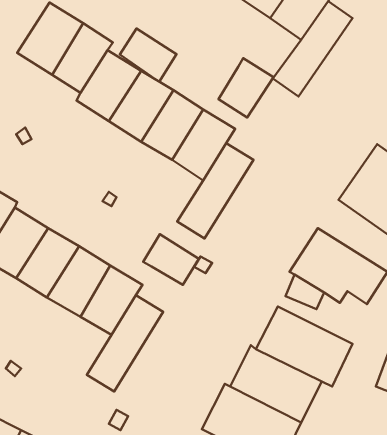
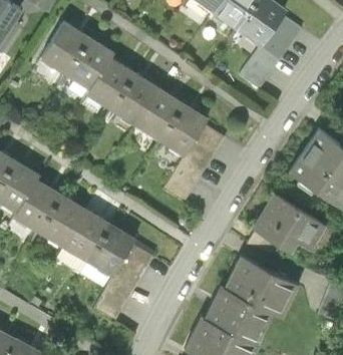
building: [120,28,177,82] -> none
building: [218,58,274,117] -> none
building: [143,234,199,285] -> none

